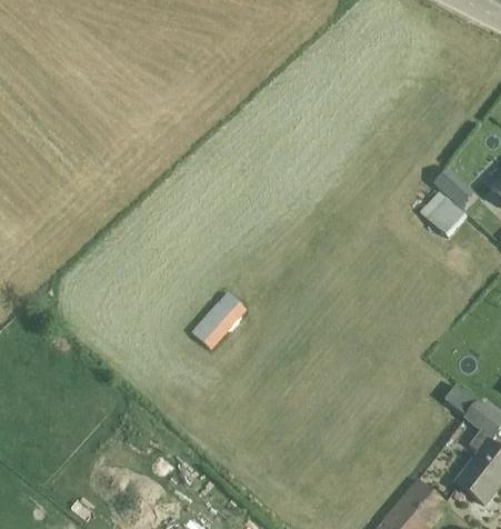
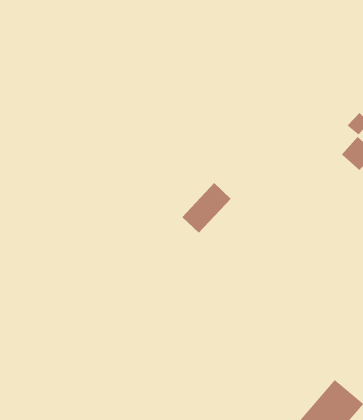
building: [192,289,250,348] -> [182,182,232,233]

